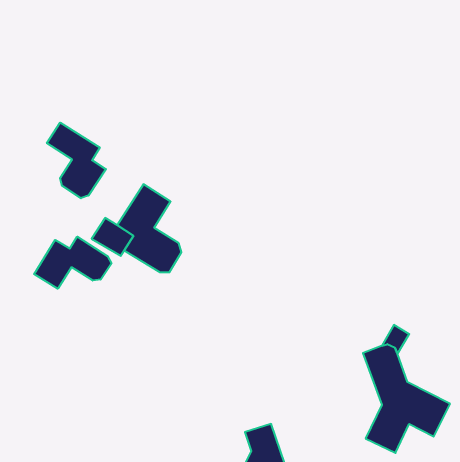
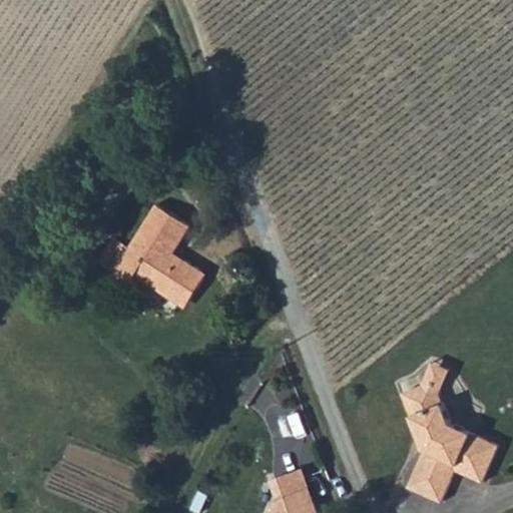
building: [47,123,106,198] -> none
building: [34,237,111,289] -> none

